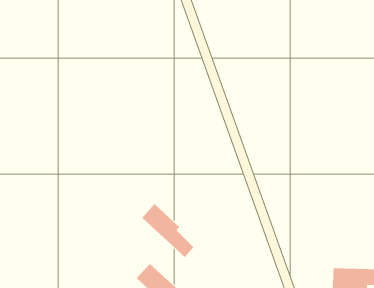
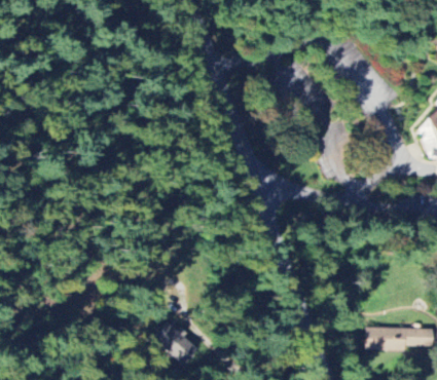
building: [141,203,194,258] -> none

